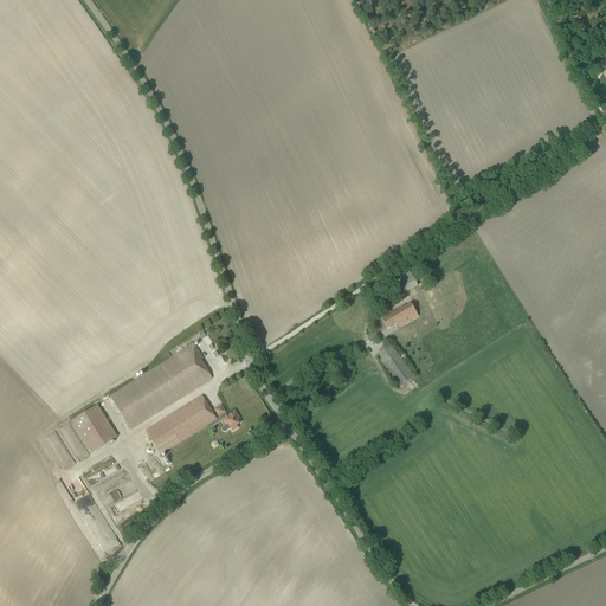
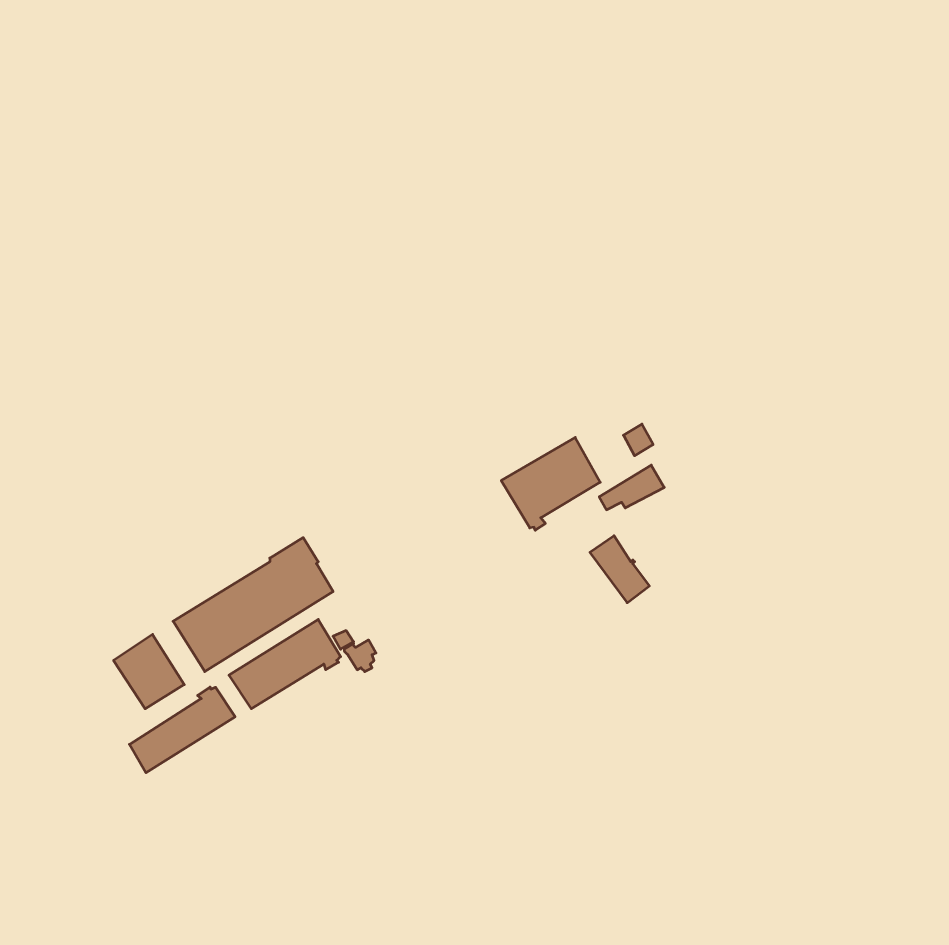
building: none -> [501,437,600,530]
building: none -> [129,687,235,773]

